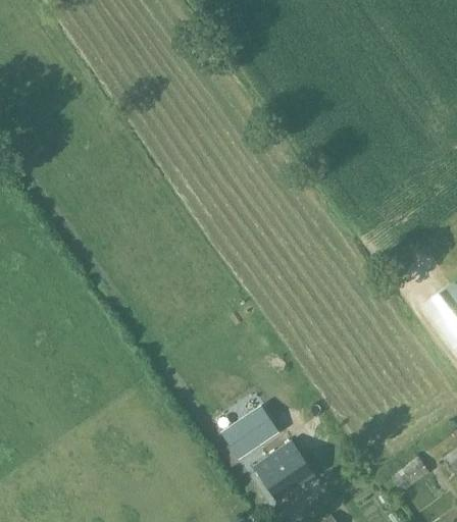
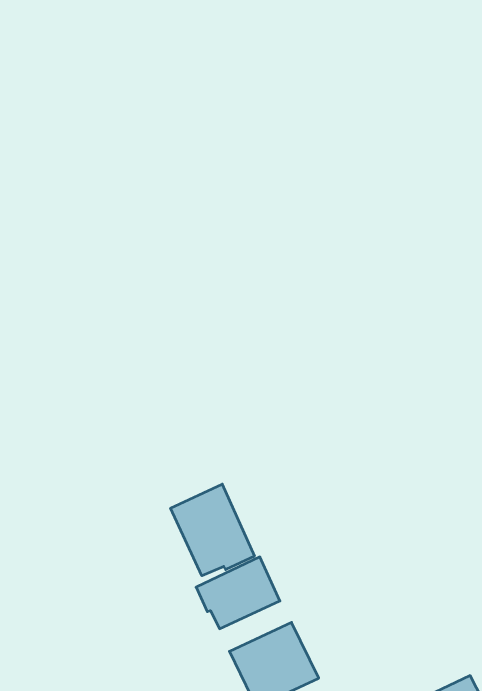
building: none -> [171,484,254,576]

